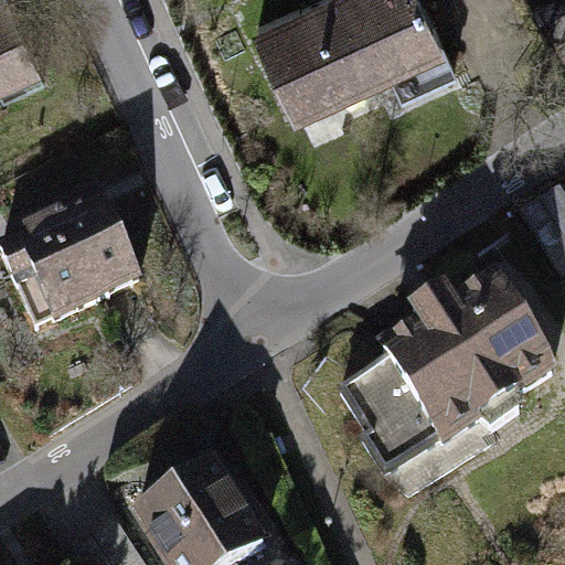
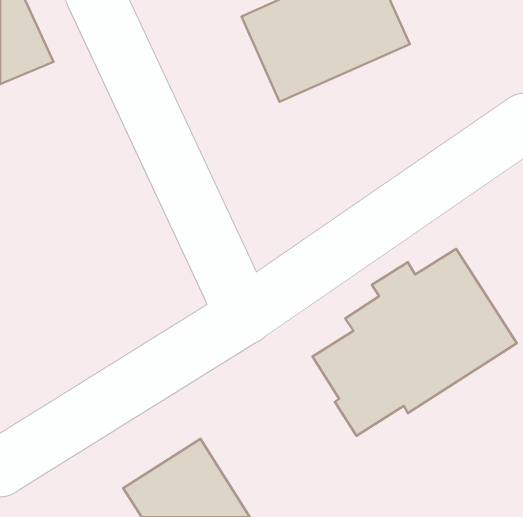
building: [11,207,140,330] -> none

